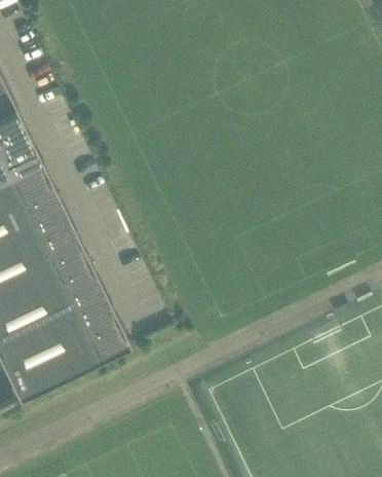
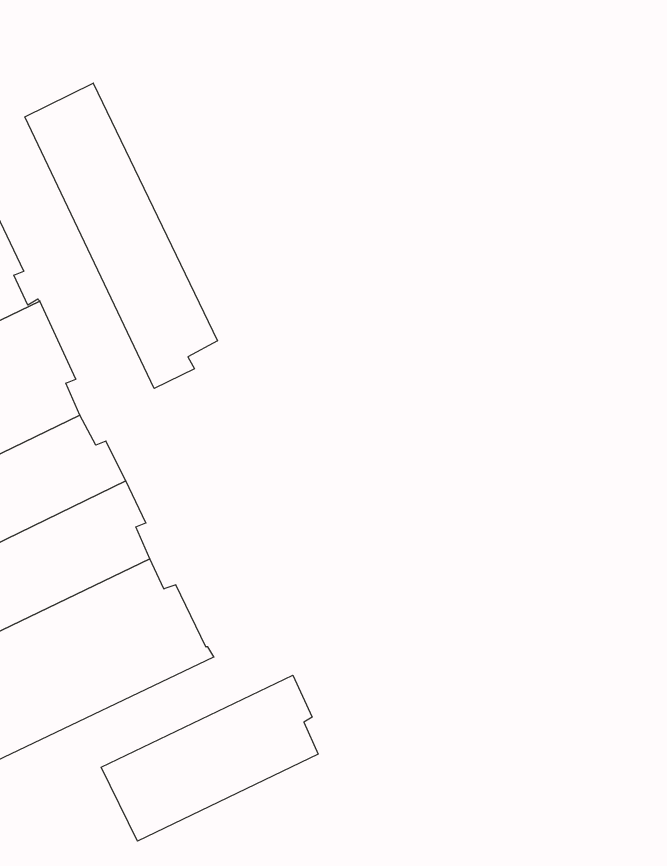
building: none -> [25,83,217,388]
building: none -> [101,675,318,841]

